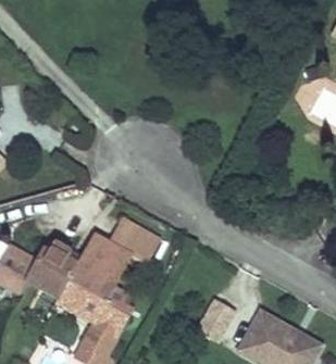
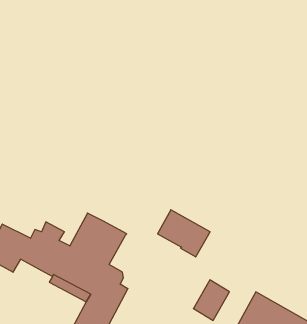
building: [108,216,160,263] -> [158,210,210,257]

